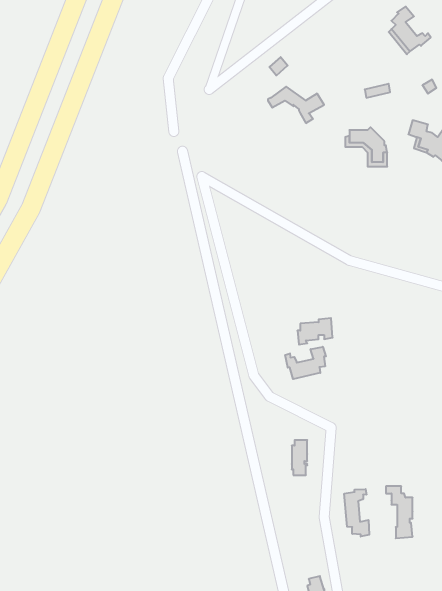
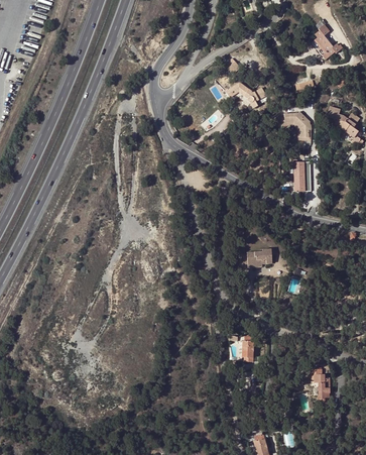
building: none -> [293,161,312,191]
building: [285,347,326,379] -> none
building: [344,489,369,537] -> none

